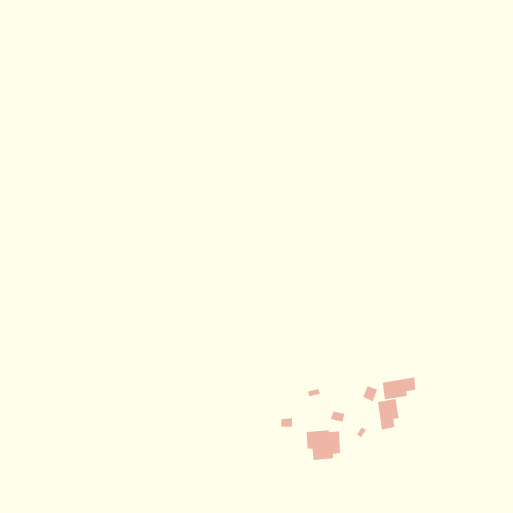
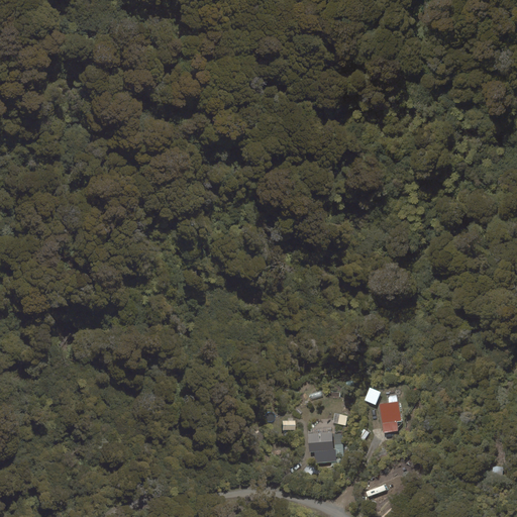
building: [382,377,416,400] -> none

